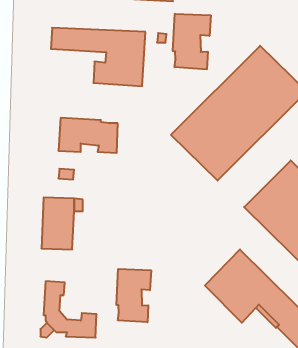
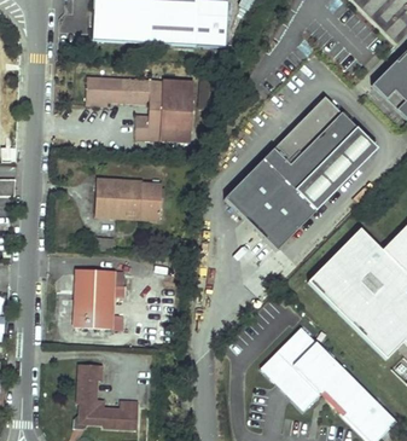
building: [173,14,211,69] -> none
building: [116,269,151,322] -> none

